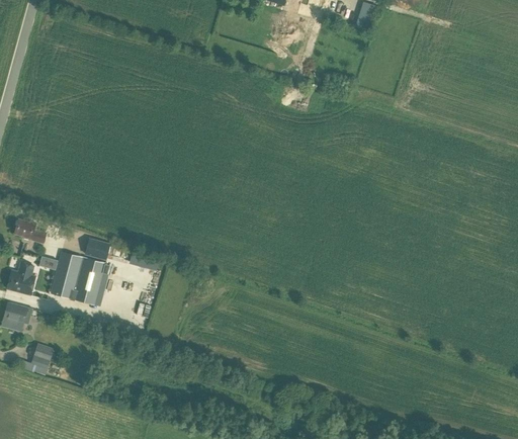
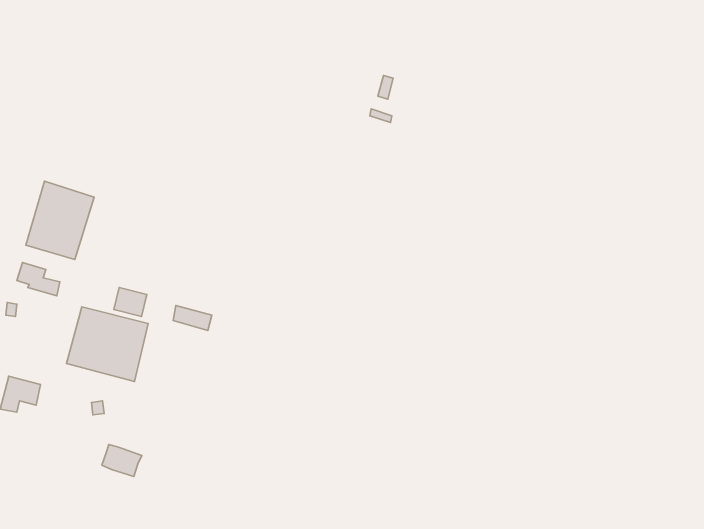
building: none -> [26,181,94,260]
building: [6,262,34,294] -> none
building: [30,347,60,370] -> [102,445,142,476]

